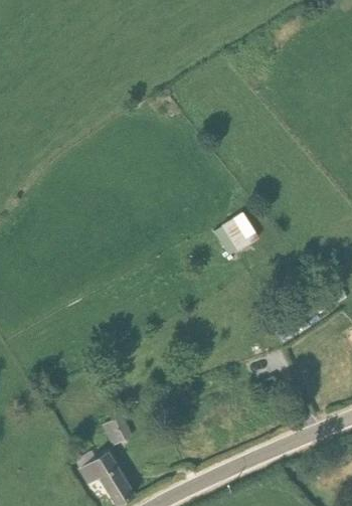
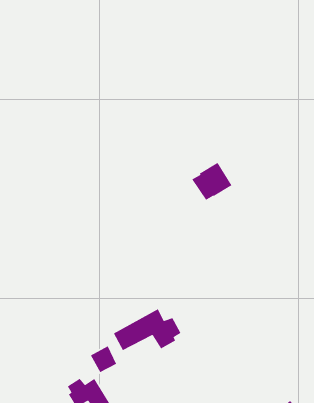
building: none -> [113,308,181,351]

